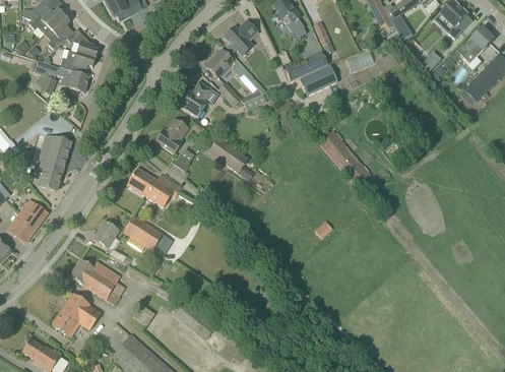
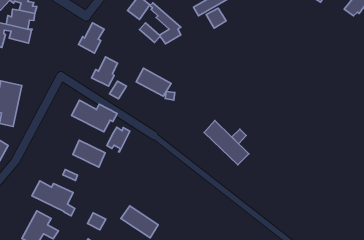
building: [179,80,211,117] -> [78,23,104,53]
building: [319,130,370,186] -> [204,121,249,165]
building: none -> [107,127,130,152]
building: [92,221,119,248] -> none

